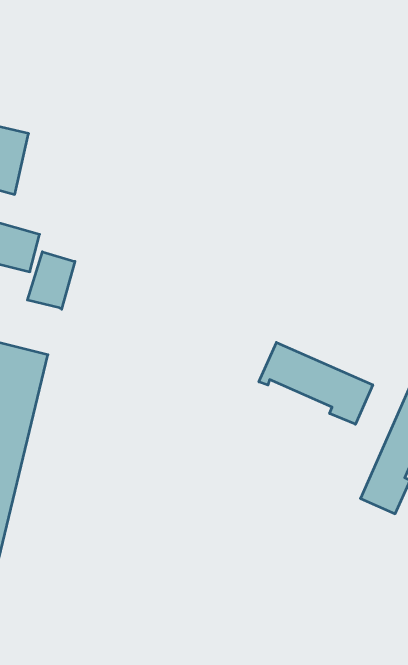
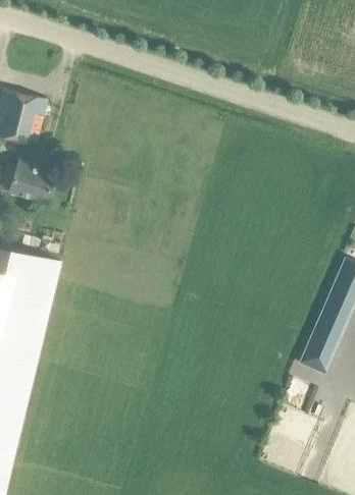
building: [27,252,75,309] -> none
building: [259,342,373,424] -> none

